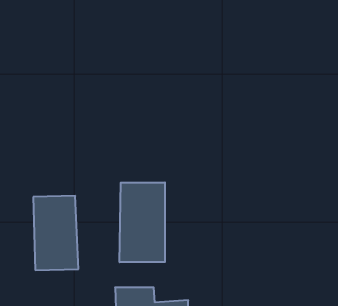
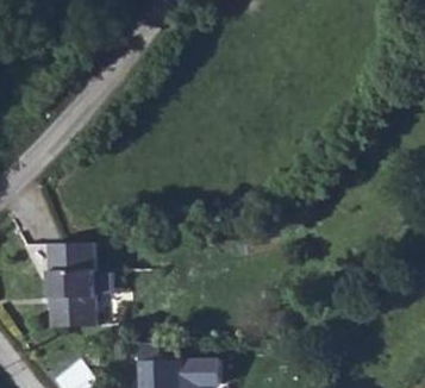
building: [120,182,165,262] -> none

